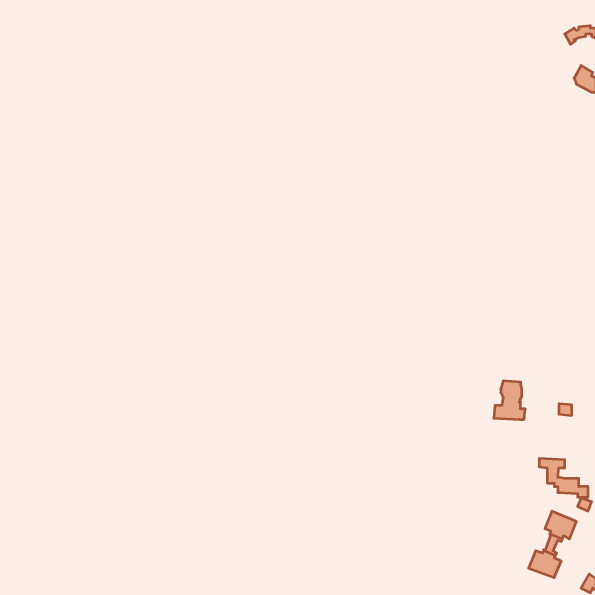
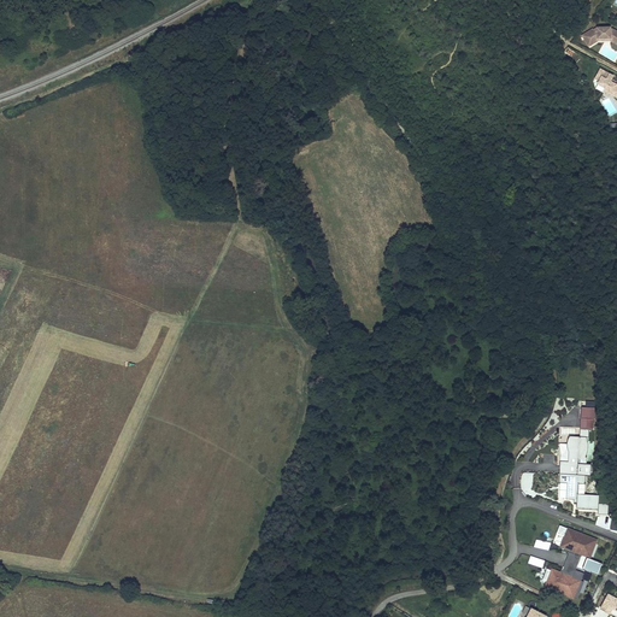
building: [494,381,525,419] -> [558,435,590,475]

